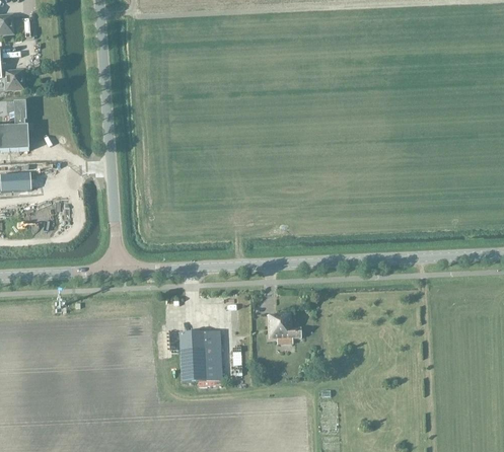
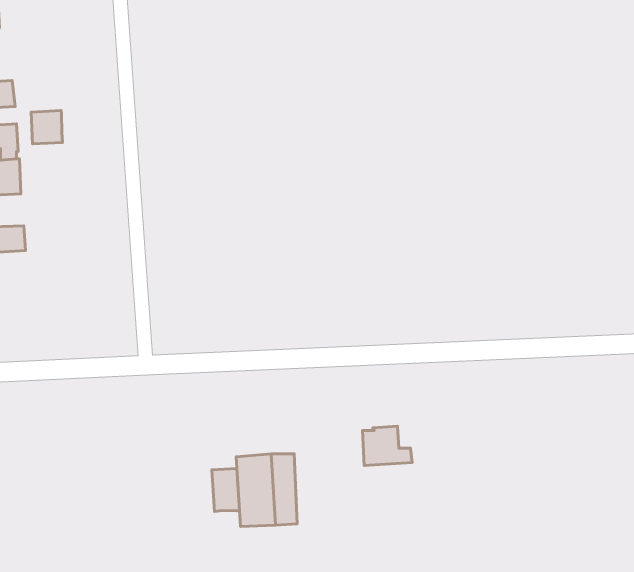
building: none -> [31,111,63,144]
building: none -> [212,469,239,512]

